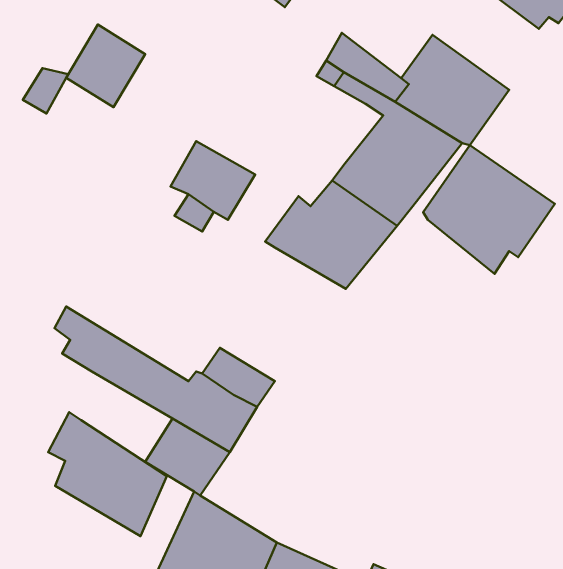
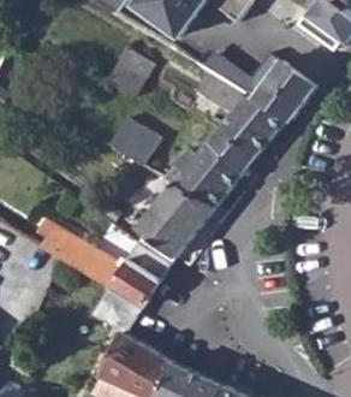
building: [66,25,145,107] -> [108,47,156,97]
building: [423,145,555,274] -> none
building: none -> [137,182,214,259]
building: [48,412,167,536] -> none

